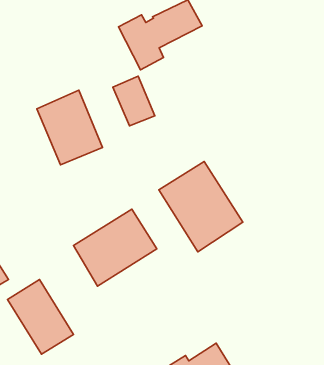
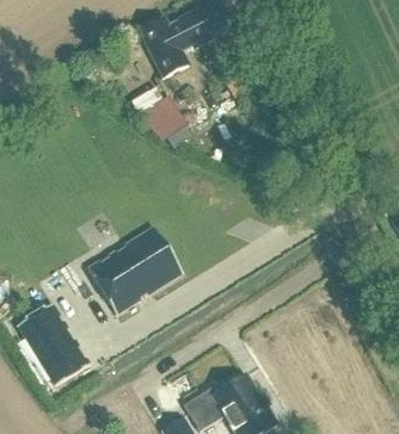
building: [37,90,103,165] -> none
building: [159,162,243,252] -> none

